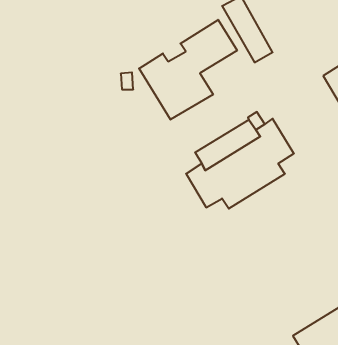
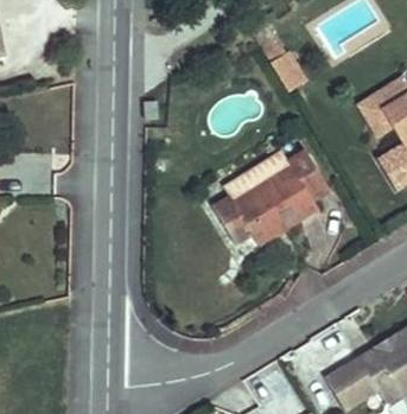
building: [139,20,237,120] -> none

